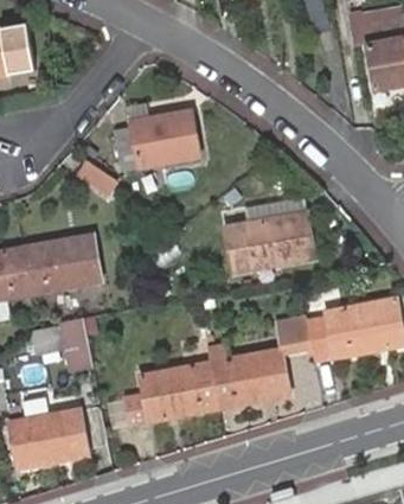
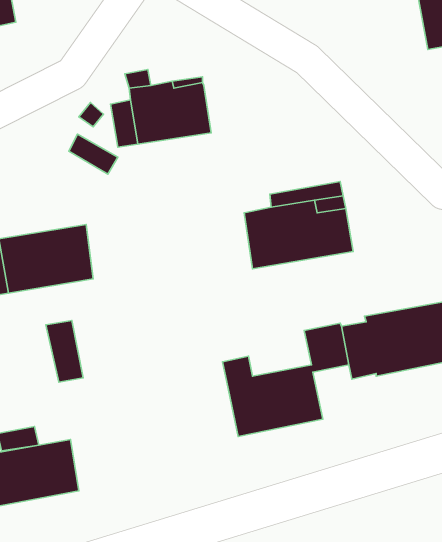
building: [124,349,219,426] -> none

